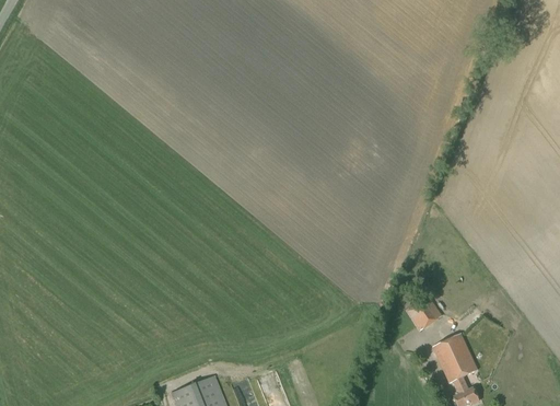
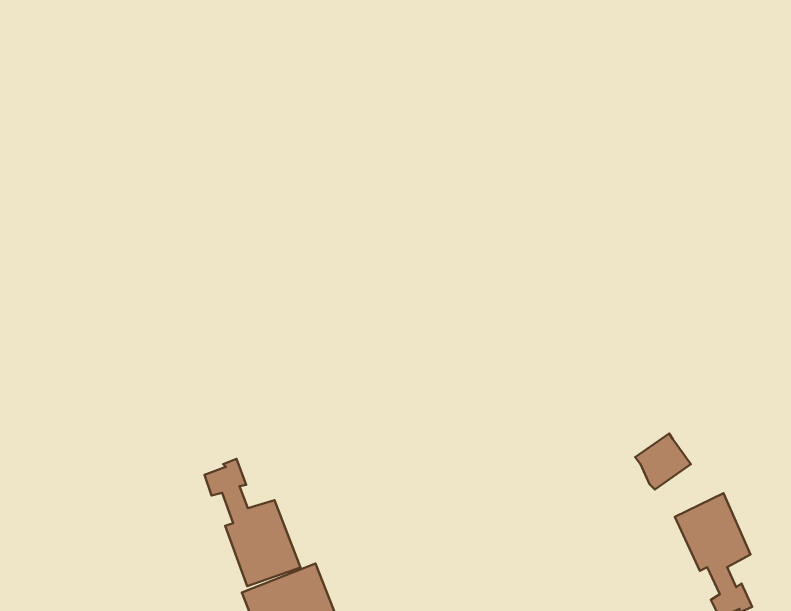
building: none -> [205,459,301,586]

